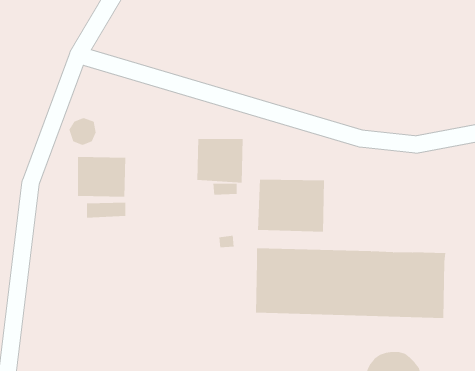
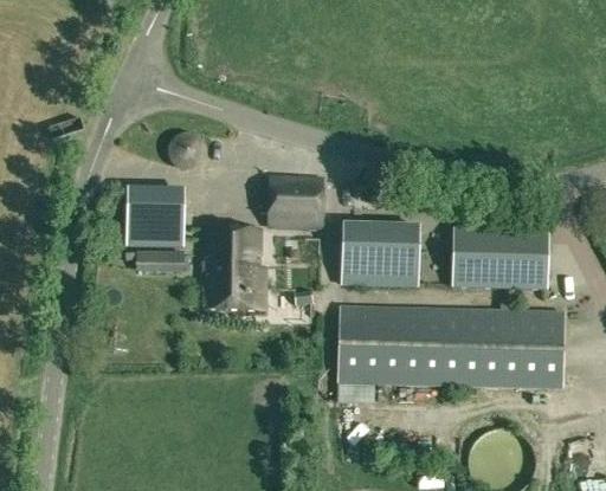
building: [69,118,96,145] -> [168,133,201,166]
building: none -> [202,227,264,308]
building: none -> [451,238,547,288]

